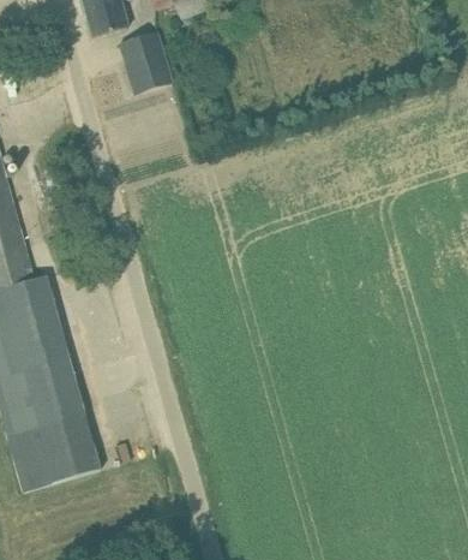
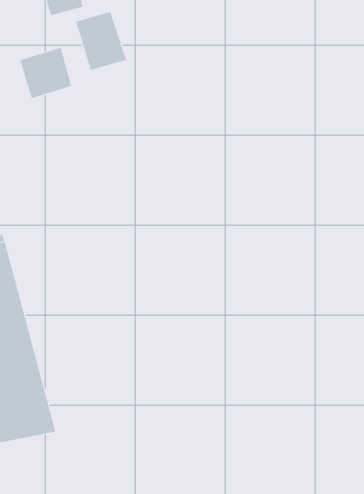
building: none -> [20,47,72,99]

